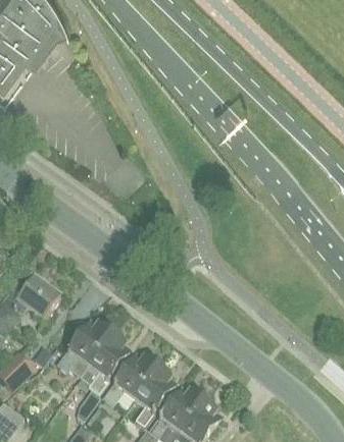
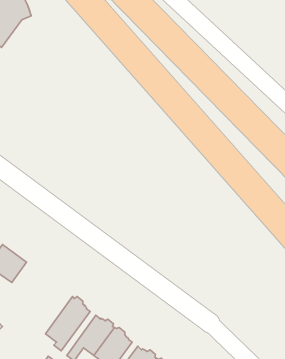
building: [56,323,108,376] -> none

